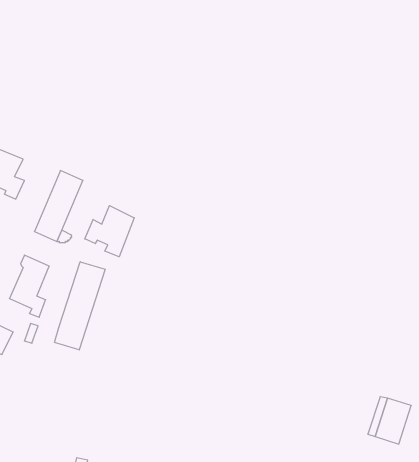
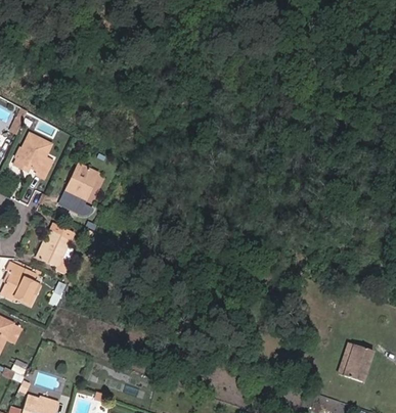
building: [85,206,134,257] -> none
building: [54,262,105,350] -> none

